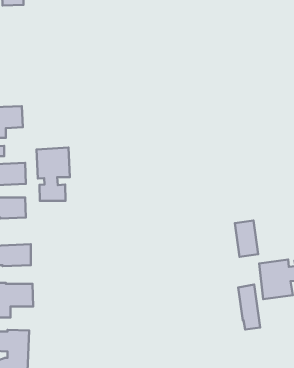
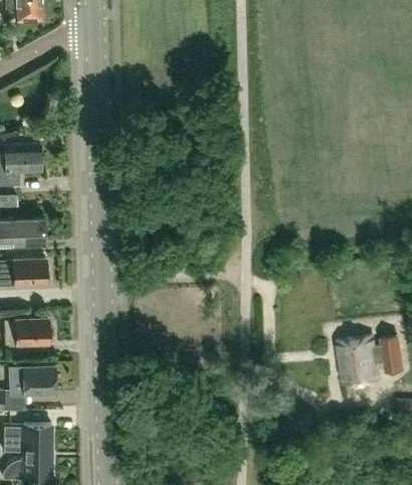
building: [37,147,70,201] -> none
building: [235,220,258,257] -> none
building: [238,284,260,330] -> none

